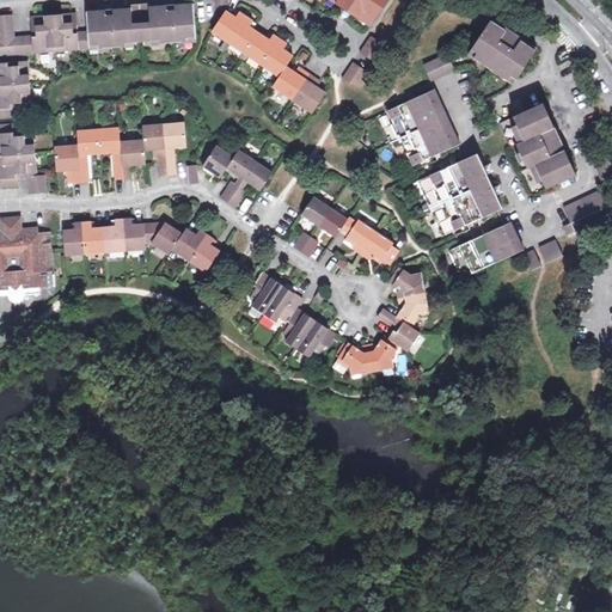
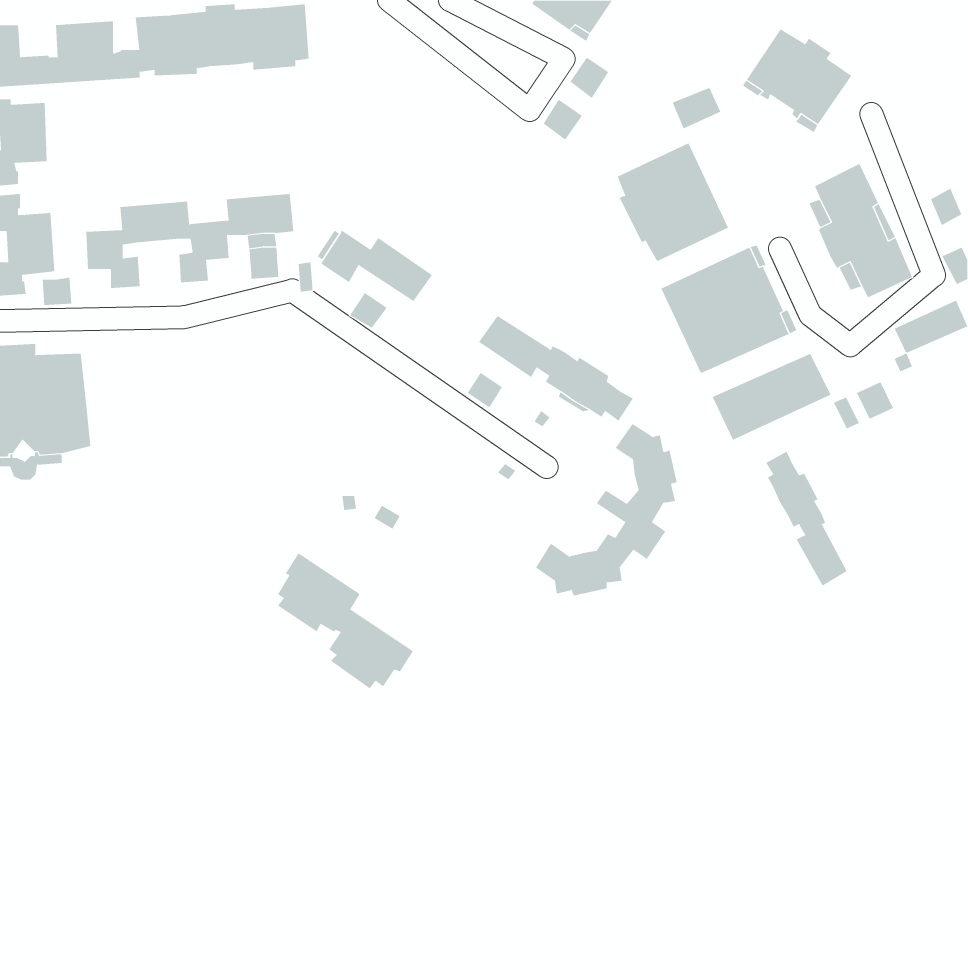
building: [210,11,325,112] -> none
building: [62,219,219,271] -> none
building: [250,273,336,359] -> [277,553,414,689]
building: none -> [765,451,848,586]

